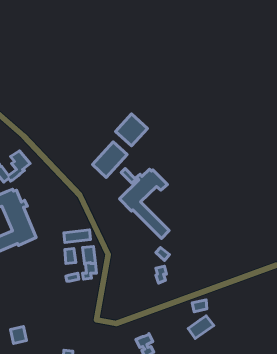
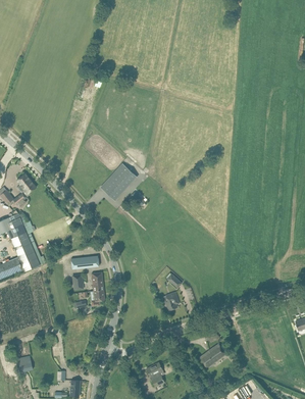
building: [115,114,148,146] -> none
building: [120,169,169,239] -> none

